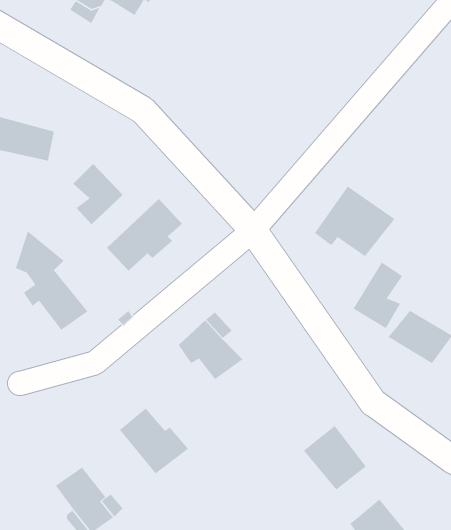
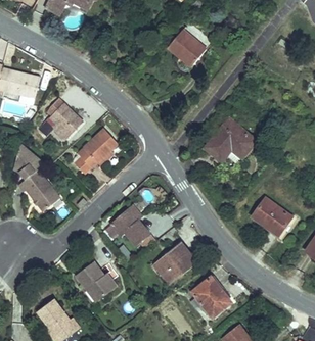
building: none -> [164,29,208,68]
building: [353,262,403,329] -> none
building: none -> [155,239,198,280]

